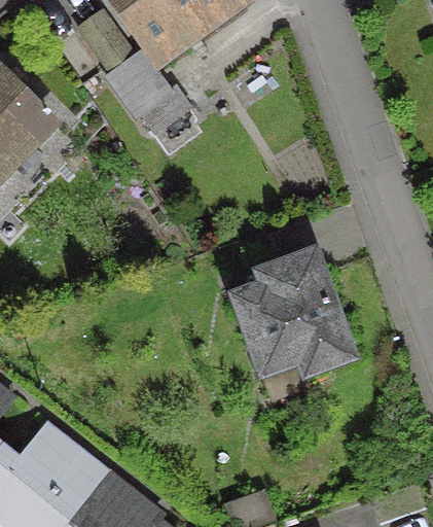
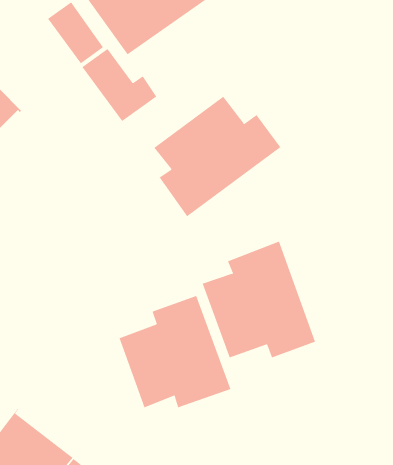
building: none -> [153,96,281,217]
building: none -> [119,295,231,408]

